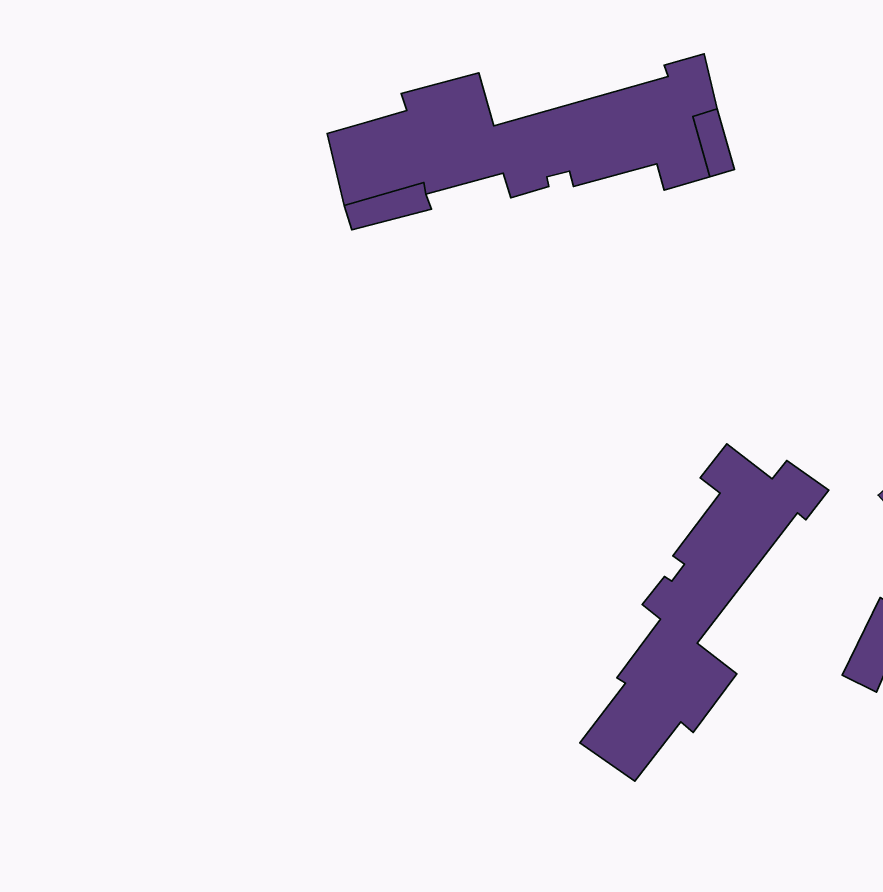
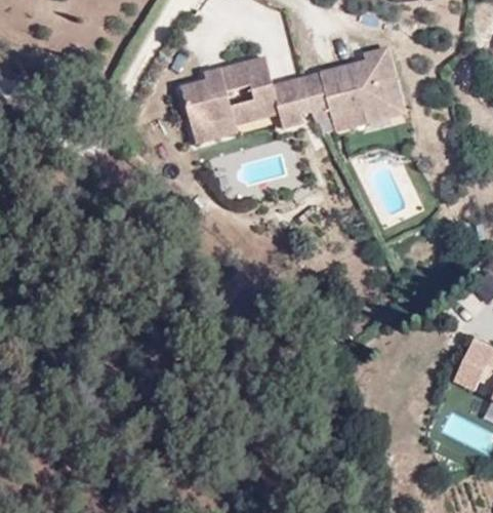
building: [580,444,829,781] -> none

